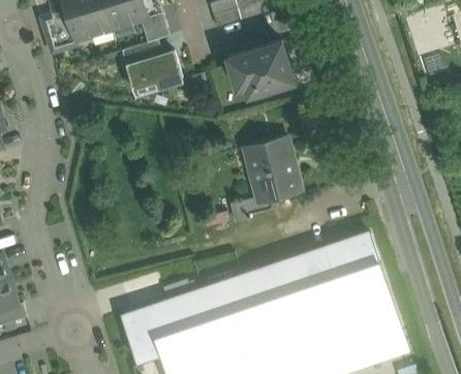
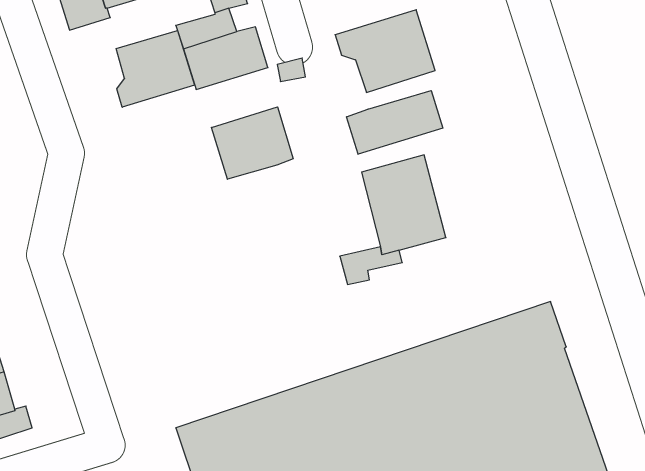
building: none -> [116,30,194,107]
building: none -> [347,91,443,154]
building: none -> [211,107,293,179]

